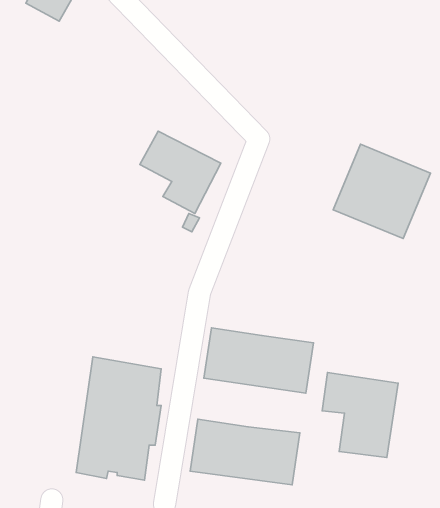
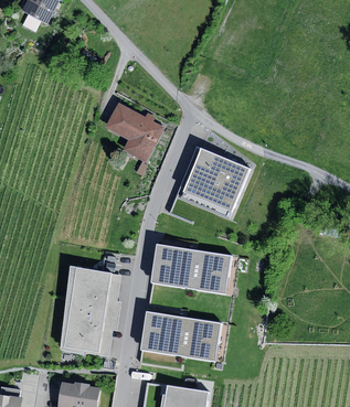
building: [333,144,430,239] -> [178,148,248,216]
building: [322,373,398,458] -> none

